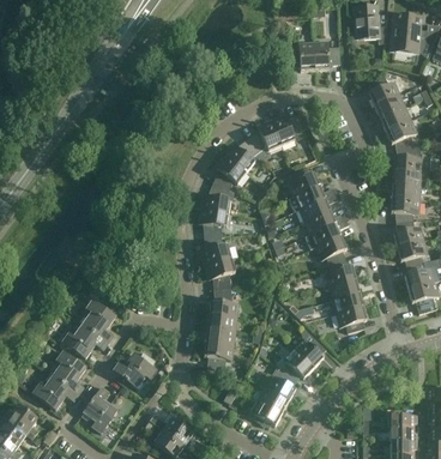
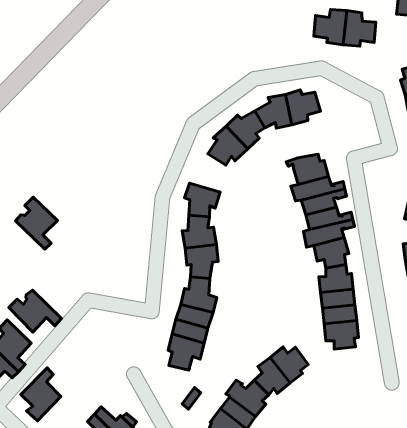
building: [200,181,230,212] -> none
building: [79,298,115,342] -> [16,197,58,249]
building: [110,351,157,387] -> none

